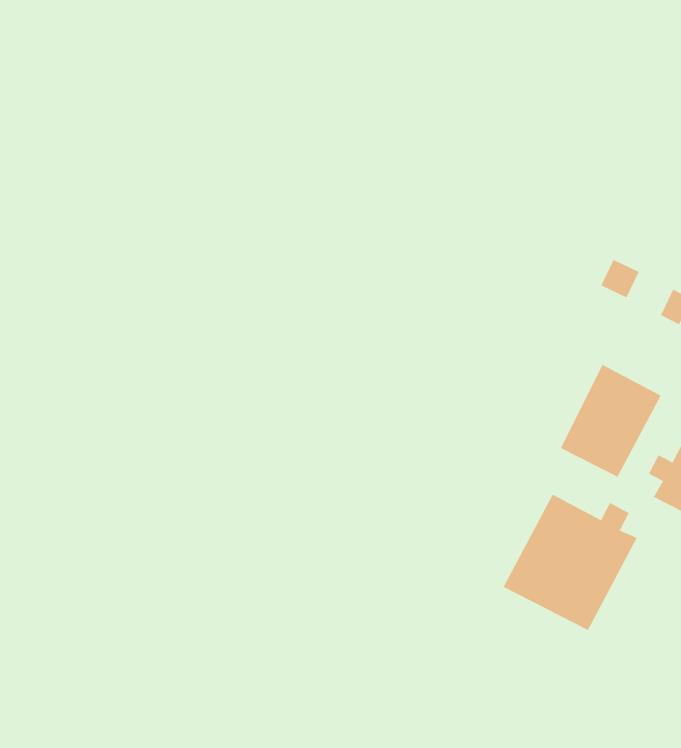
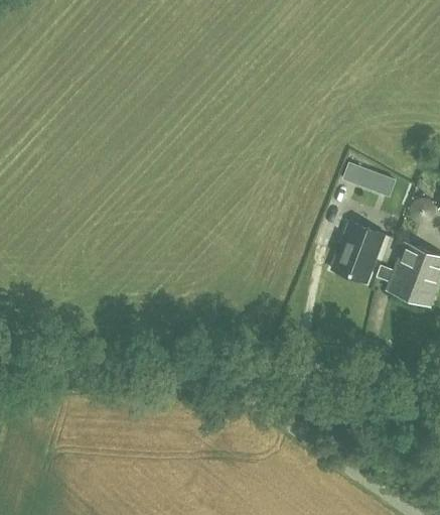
building: [503,494,638,631] -> none

